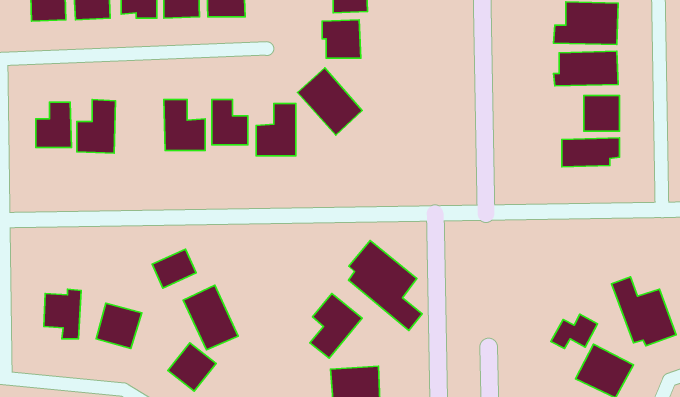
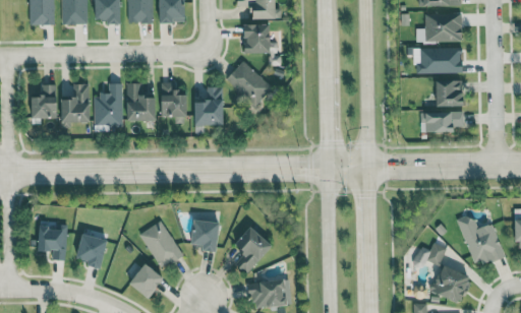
building: none -> [94,84,122,130]
building: [348,240,422,330] -> none
building: [152,249,196,288] -> none
building: none -> [191,220,222,252]

